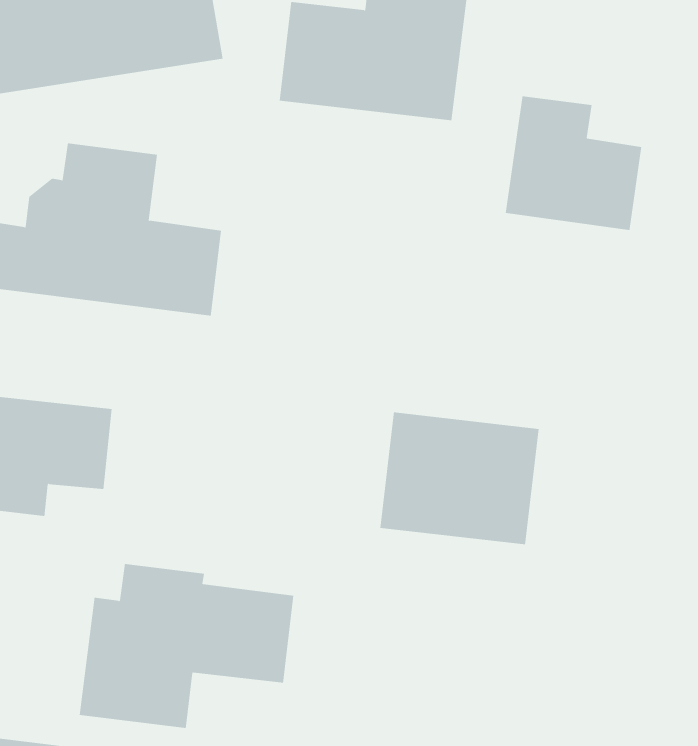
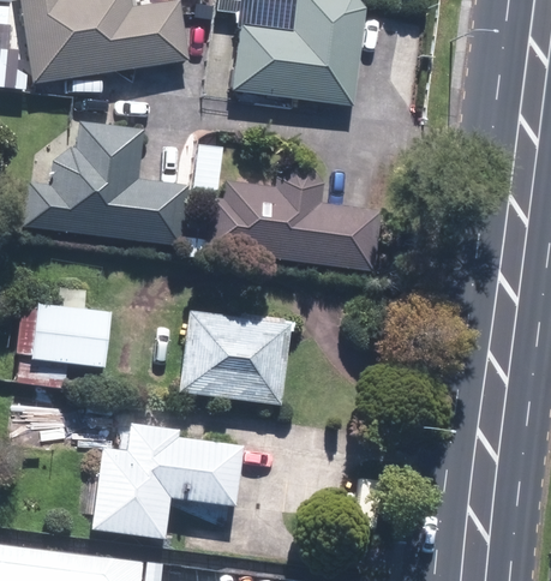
building: [505,95,642,231] -> none
building: none -> [204,164,381,270]
building: [380,412,539,545] -> [178,310,292,405]

